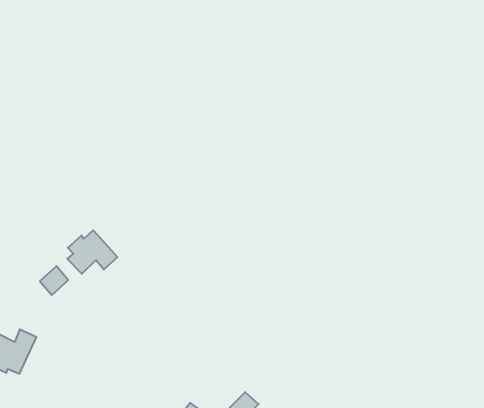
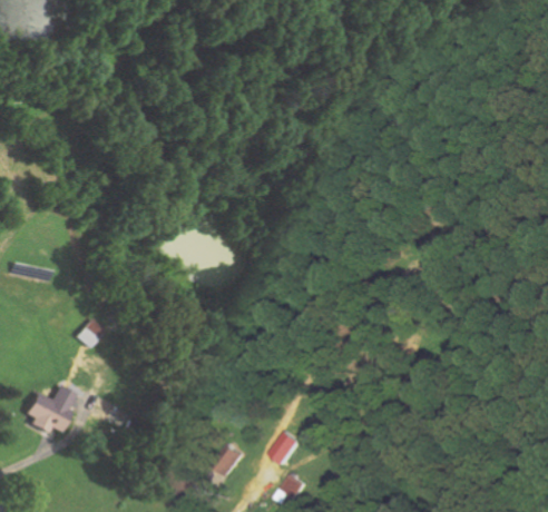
building: [67,230,117,274] -> none

